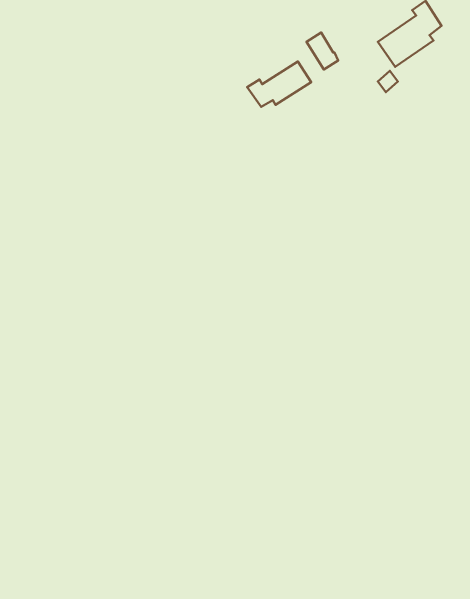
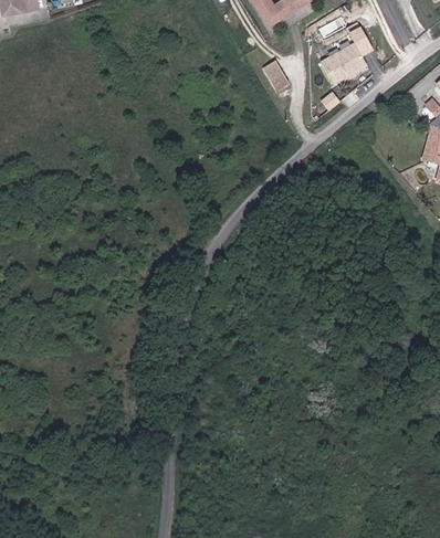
building: [247,61,311,107] -> none

